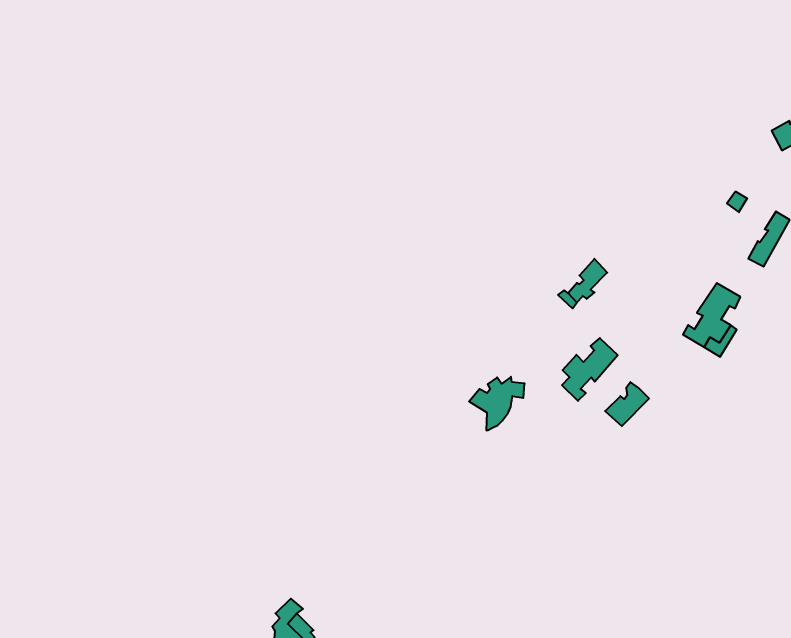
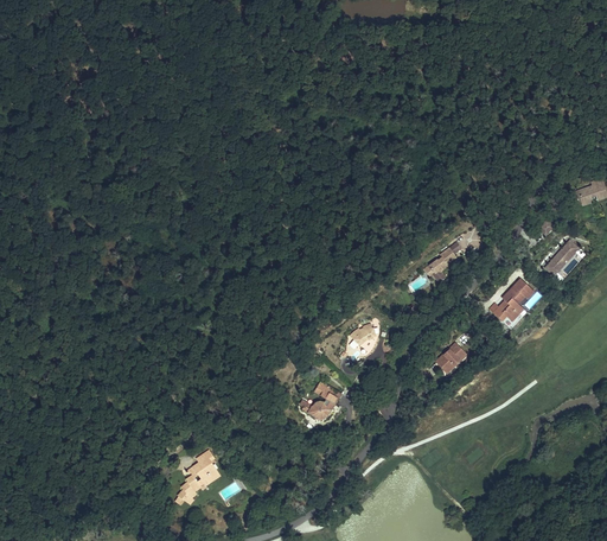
building: [562,338,618,401] -> none
building: none -> [295,377,338,419]

